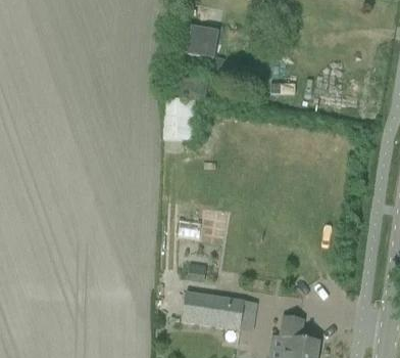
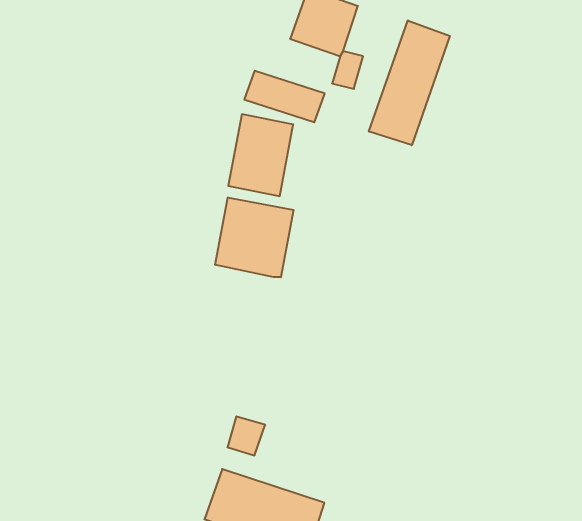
building: none -> [369,20,450,145]
building: none -> [215,197,294,277]

